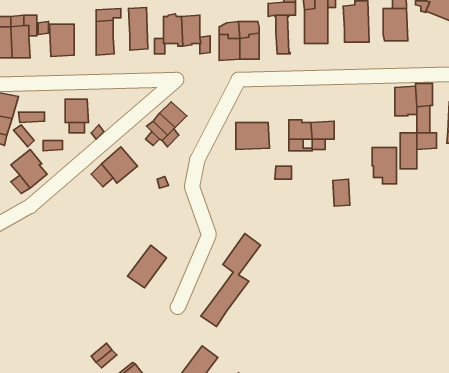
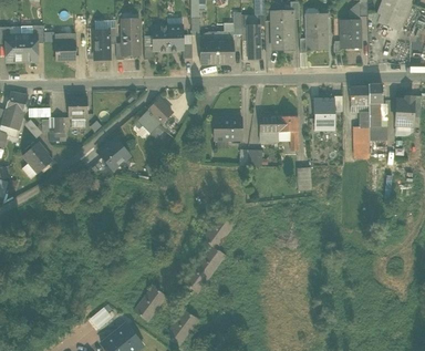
building: [372,148,397,184] -> [313,99,334,130]
building: [128,245,166,288] -> [133,285,166,321]

